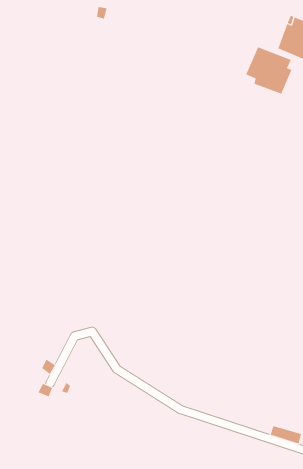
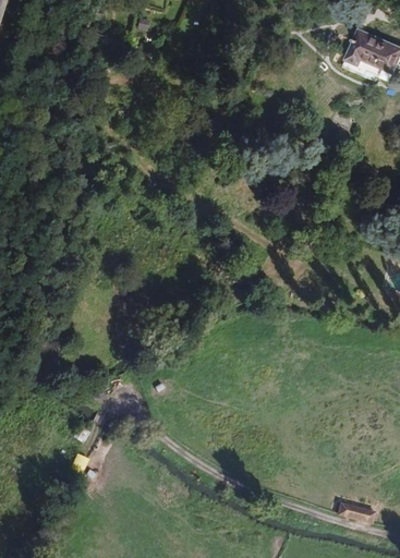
building: [246,46,292,94] -> none

